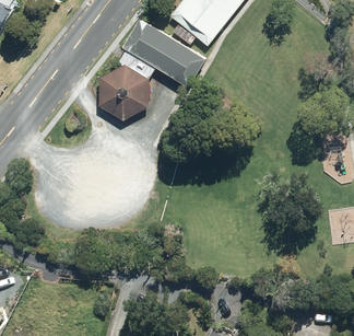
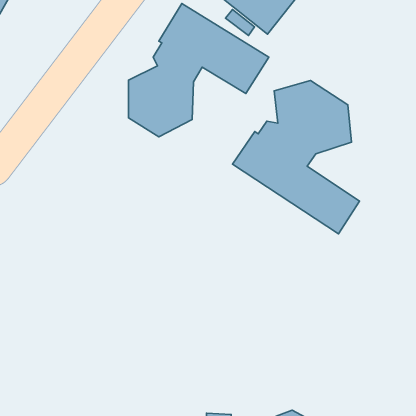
building: none -> [233,81,359,234]

